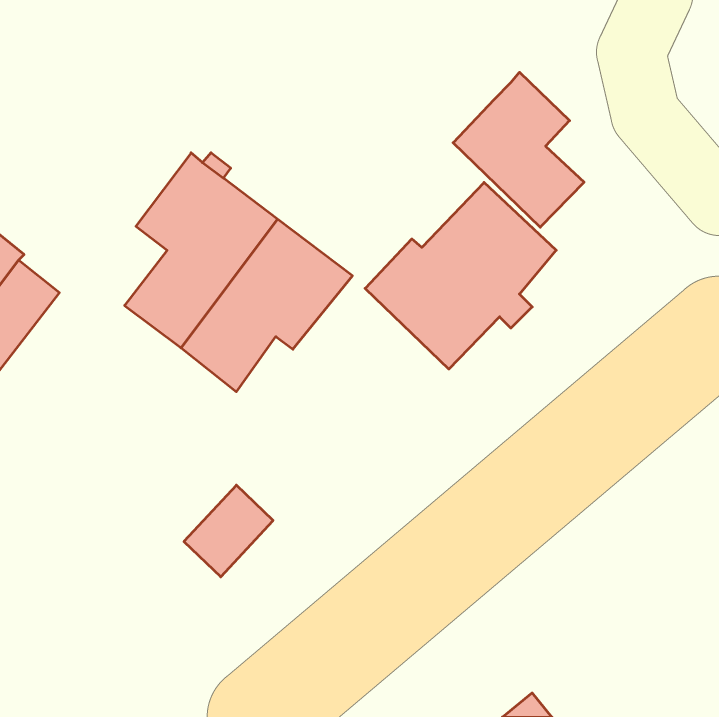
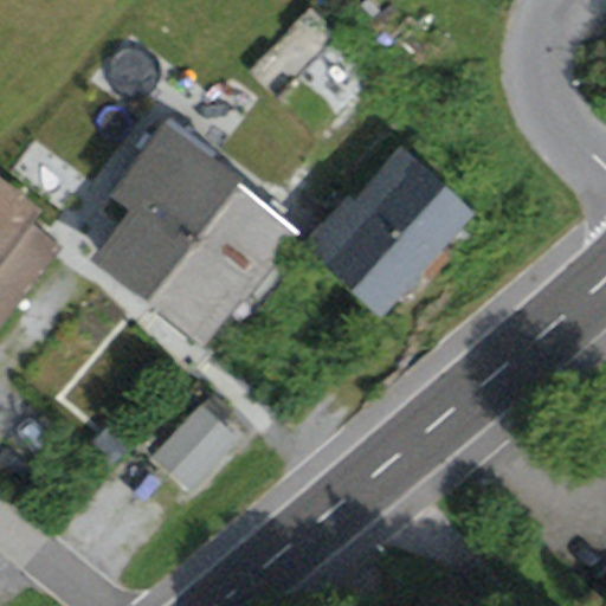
building: [453,72,584,227] -> none

